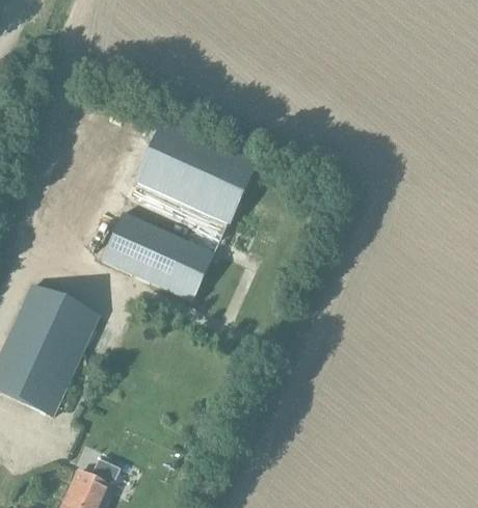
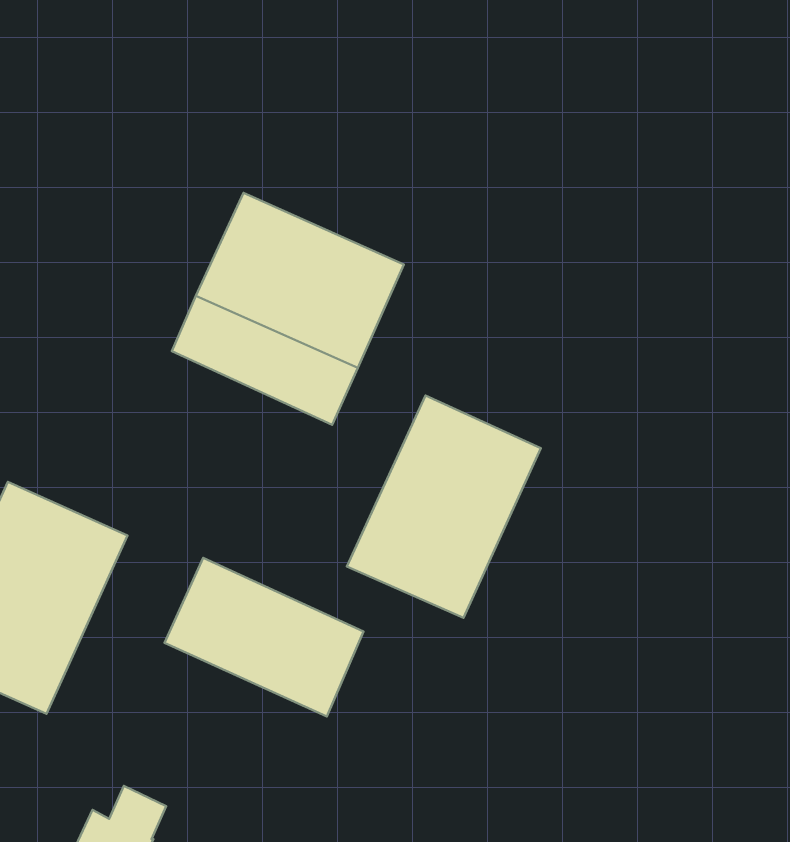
building: [102,211,214,300] -> [165,558,364,716]
building: none -> [347,396,541,618]

